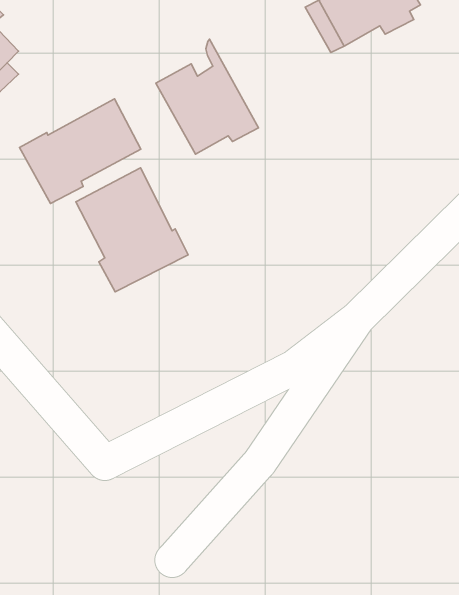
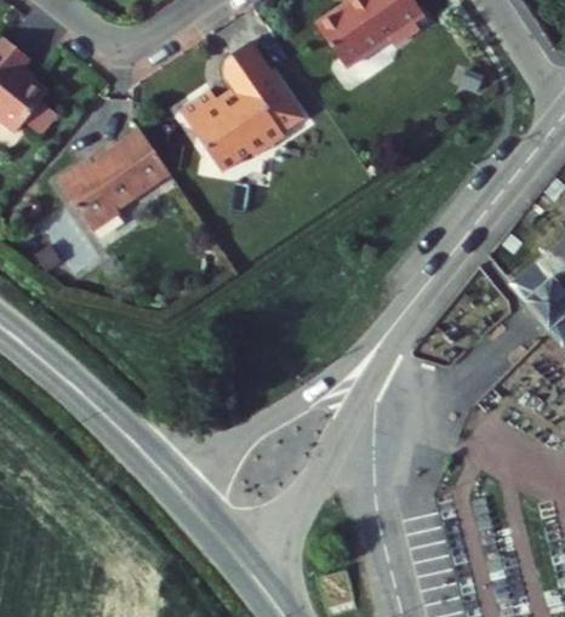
building: none -> [228,42,307,142]
building: [76,168,188,292] -> none

